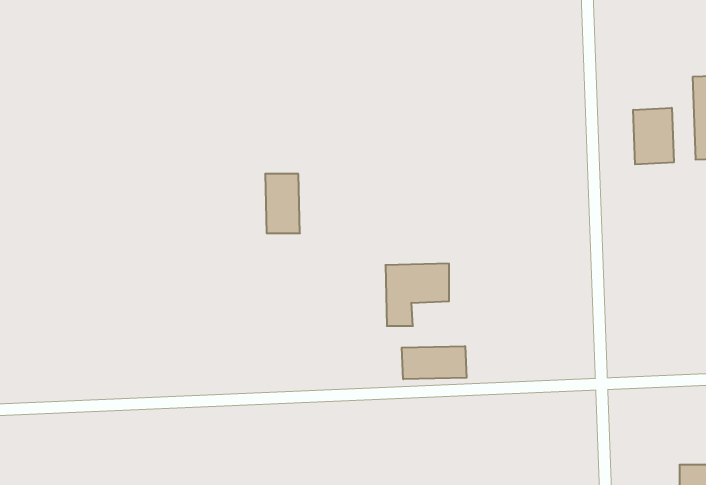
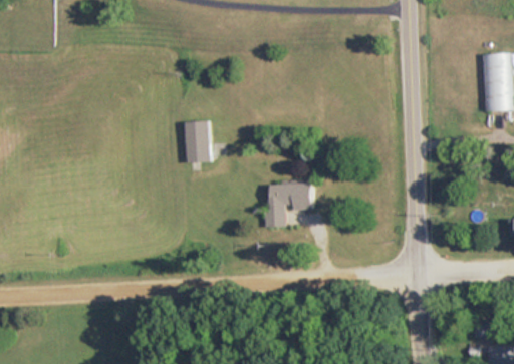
building: [633,108,674,164] -> none
building: [402,346,467,379] -> none

